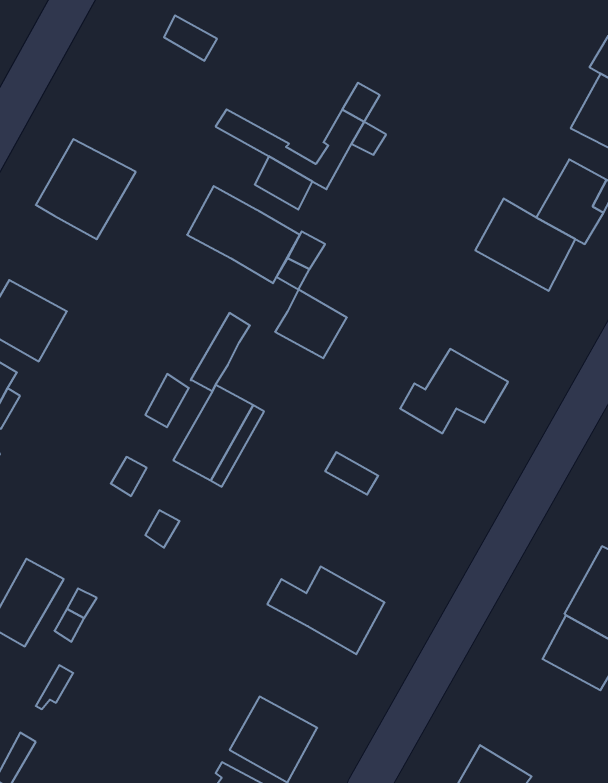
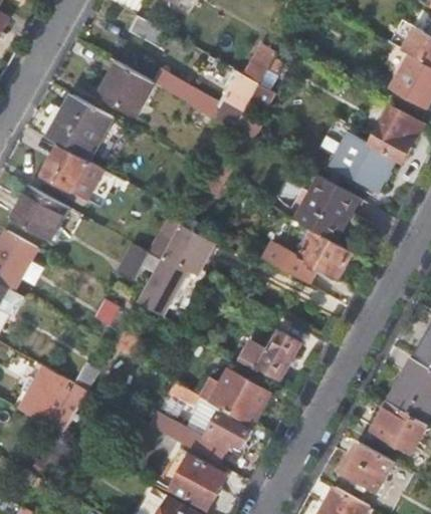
building: none -> [98,62,152,114]
building: [187,186,300,283] -> [42,145,115,207]
building: none -> [293,175,359,242]
building: [275,289,347,358] -> [163,226,209,270]
building: none -> [240,329,300,375]
building: none -> [149,381,251,464]
building: none -> [340,442,390,492]

